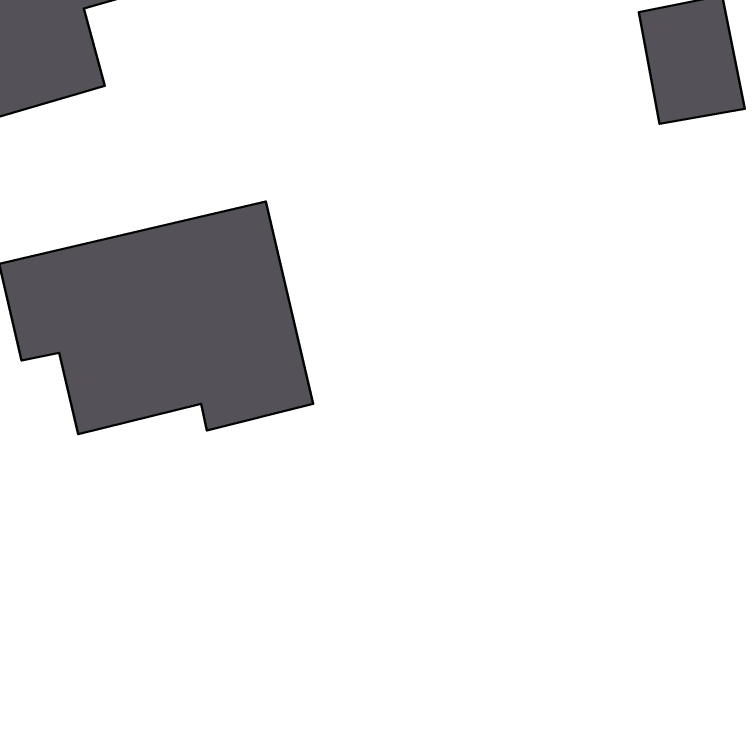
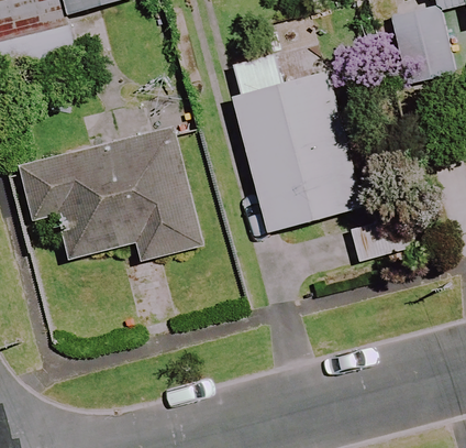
building: none -> [232,57,362,231]

